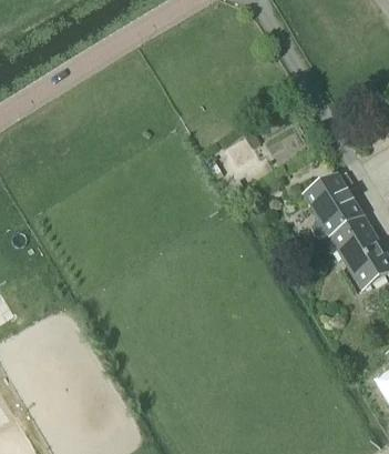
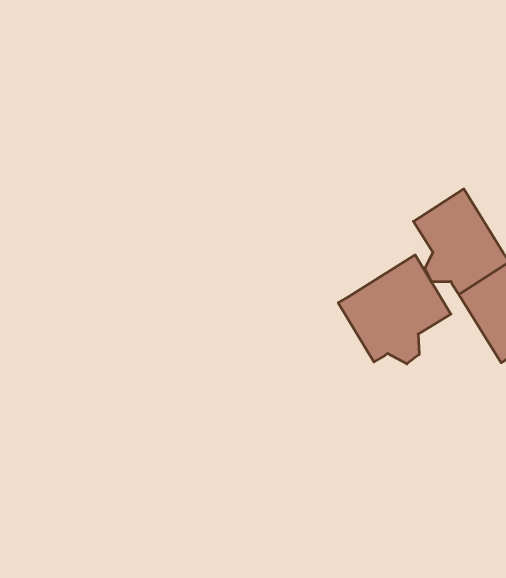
building: none -> [338,255,451,364]

